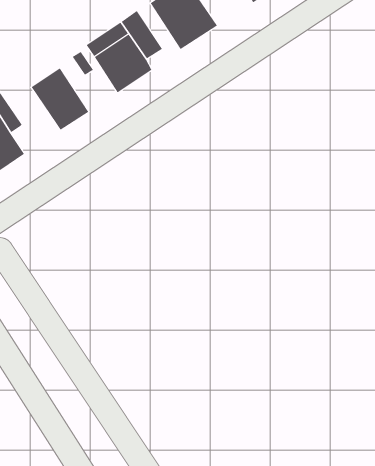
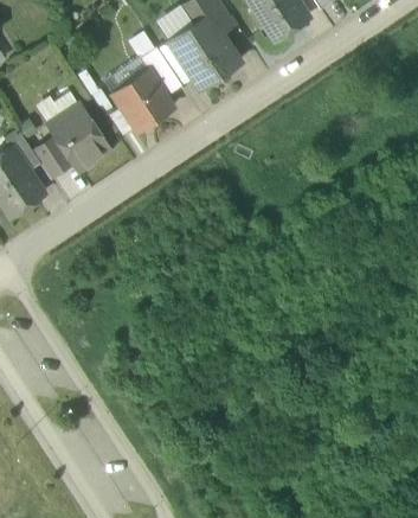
building: none -> [34,136,75,178]

